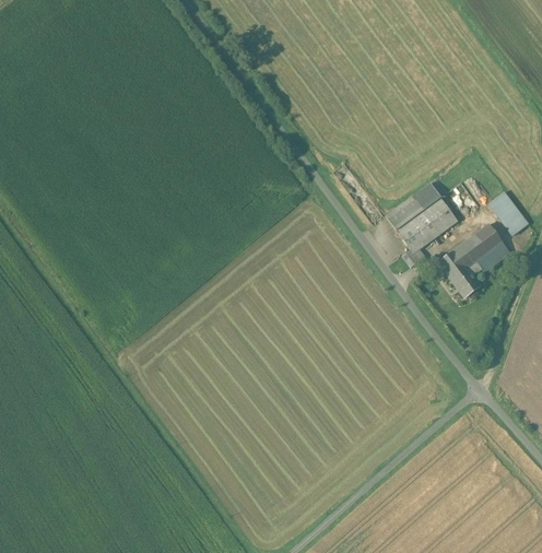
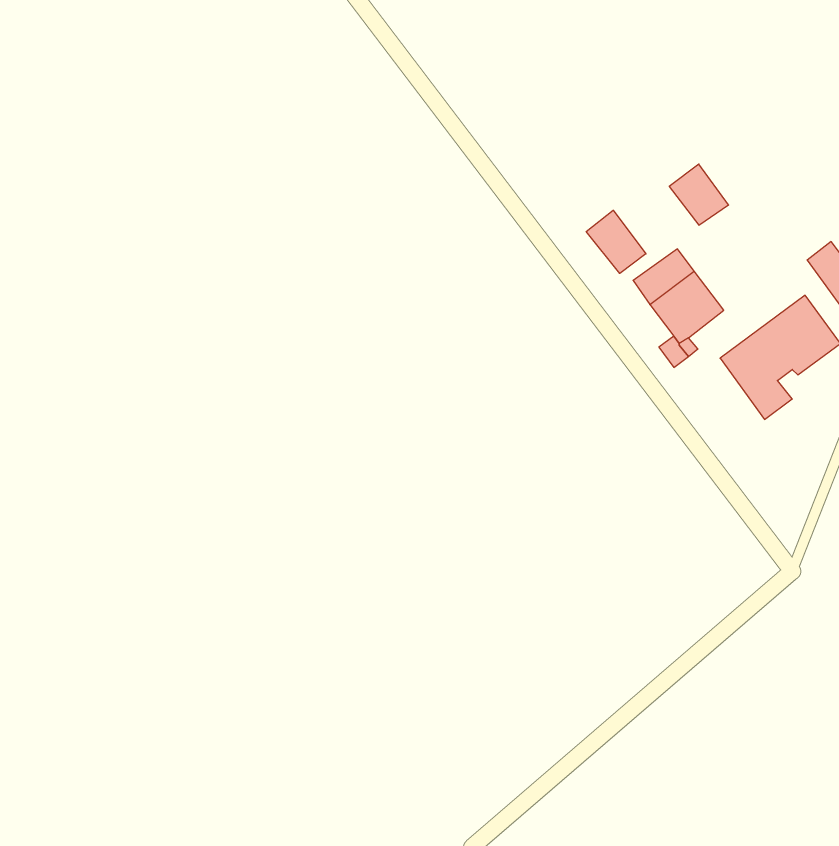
building: none -> [586,210,646,273]
building: [423,196,458,232] -> [669,164,729,225]

